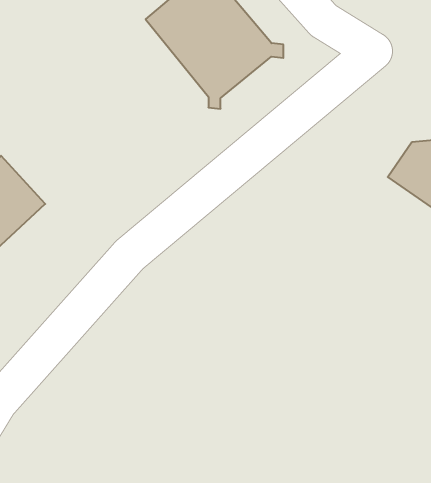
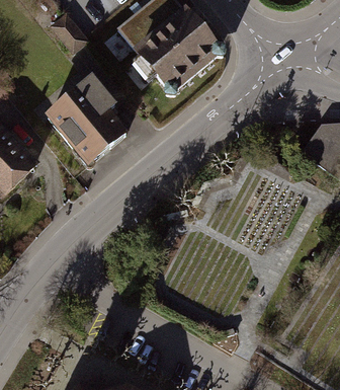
building: none -> [46,77,124,163]

